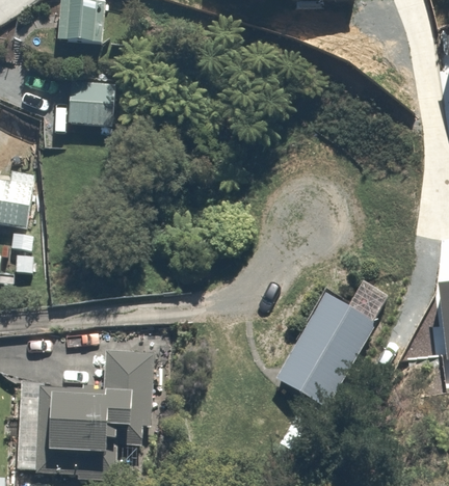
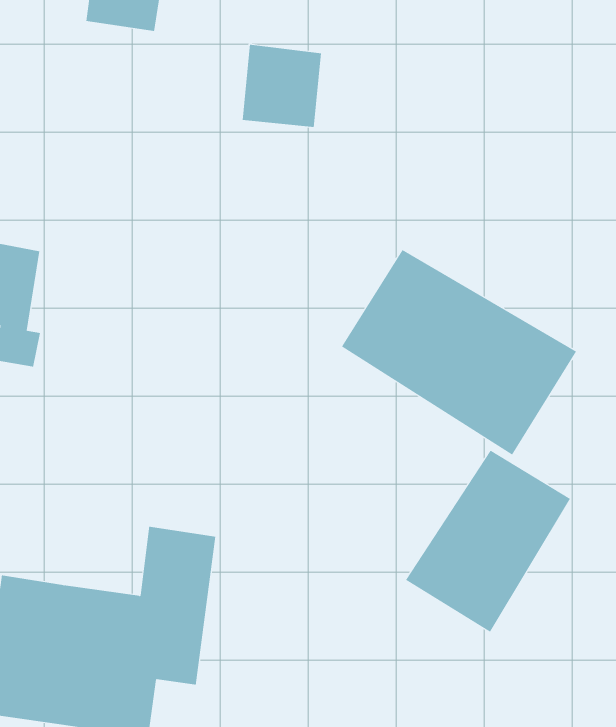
building: [65,75,113,125] -> [242,44,322,127]
building: none -> [341,249,577,456]

